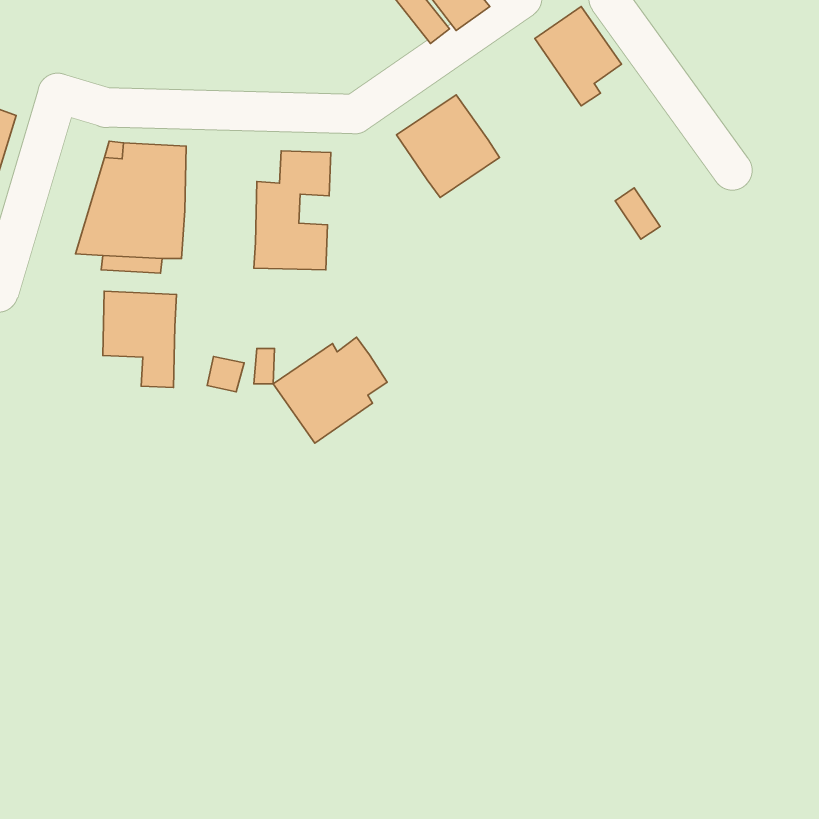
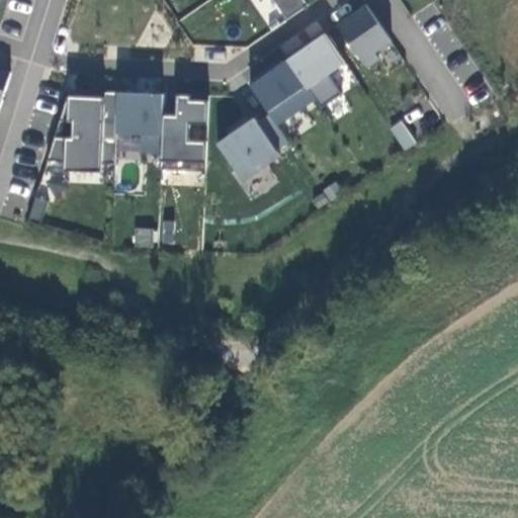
building: none -> [287,33,345,88]
building: [103,291,177,388] -> [116,92,163,153]
building: [273,337,387,443] -> [217,113,288,180]

